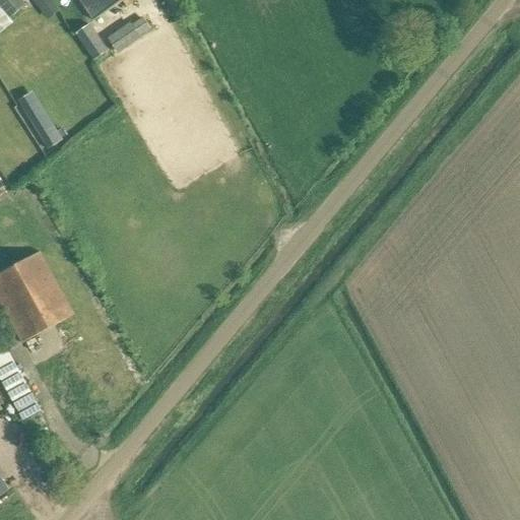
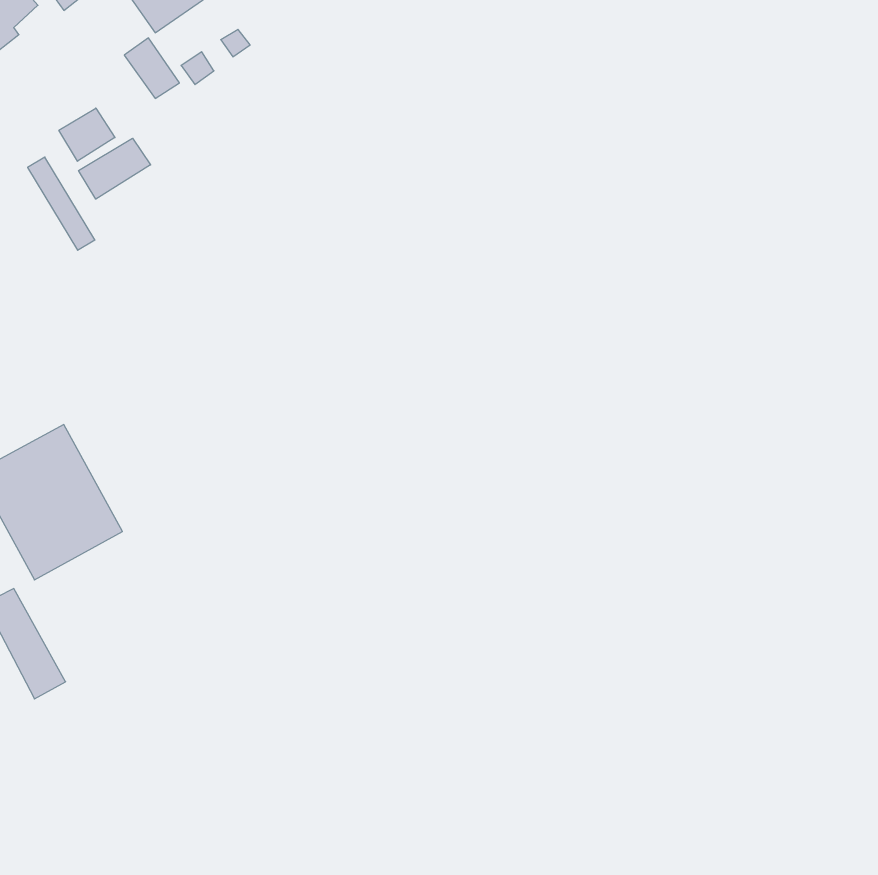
building: none -> [59,108,115,161]
building: none -> [79,138,151,199]

